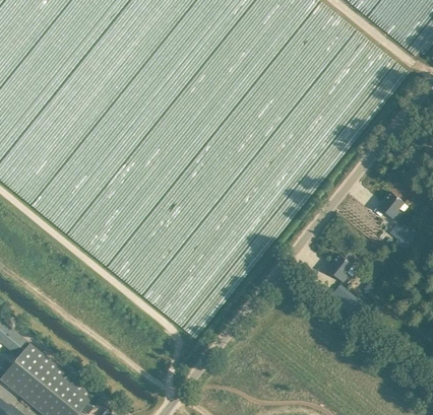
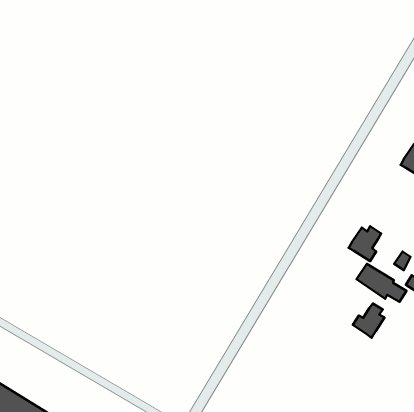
building: none -> [353,303,385,338]

